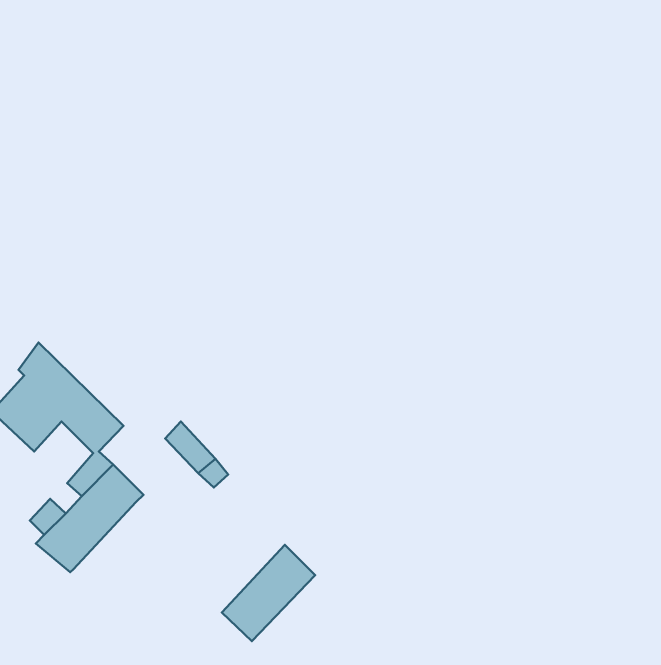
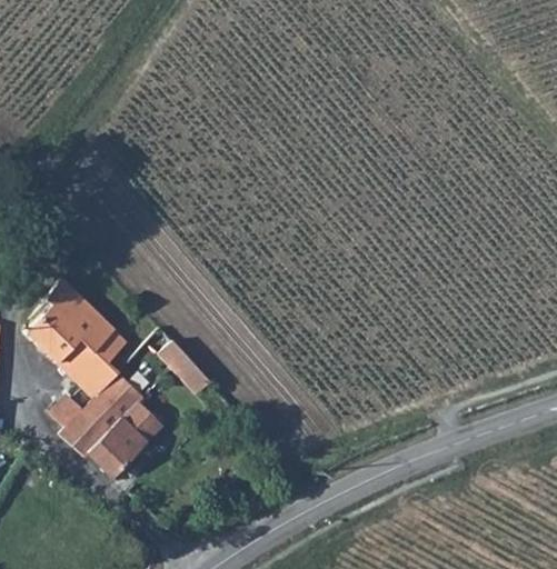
building: none -> [57,339,102,387]
building: [222,545,315,641] -> [87,401,159,476]

